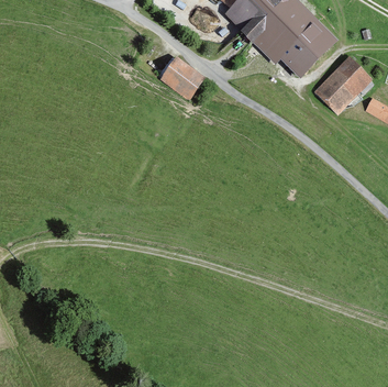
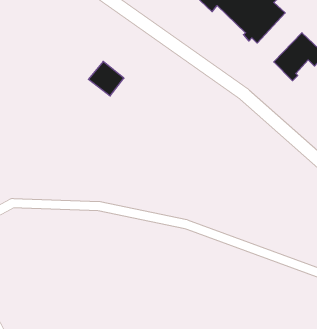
building: [163,62,200,98] -> [88,61,124,96]

